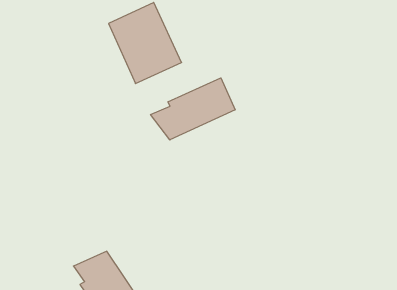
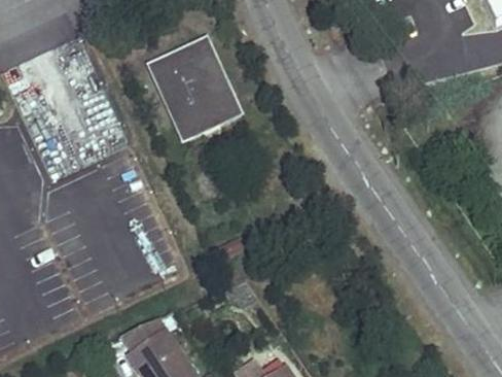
building: [151,78,235,140] -> none

